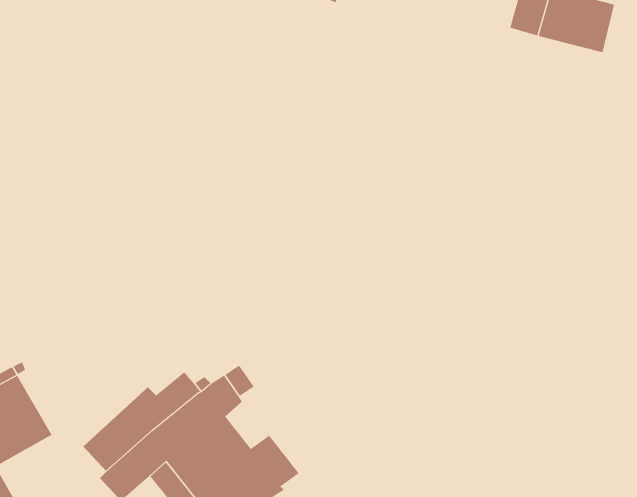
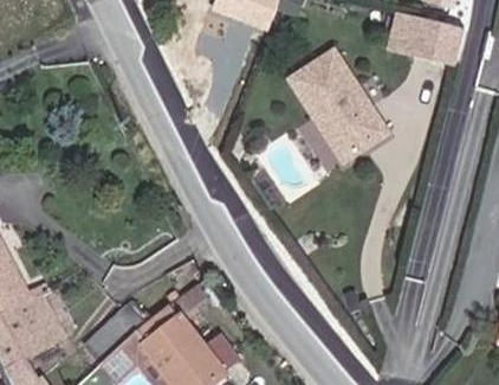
building: none -> [291,52,387,160]

